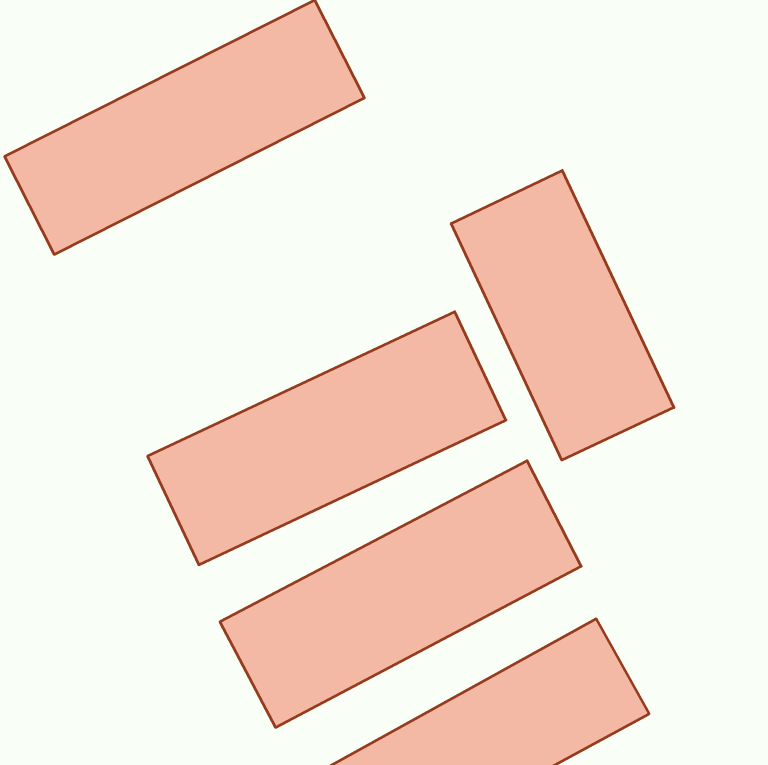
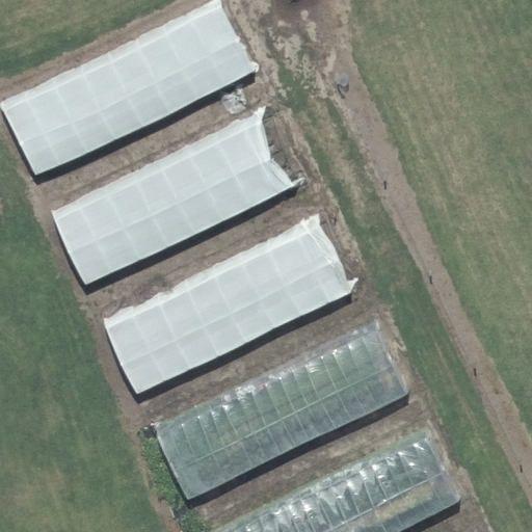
building: none -> [53,106,305,295]
building: [451,170,674,460] -> none

